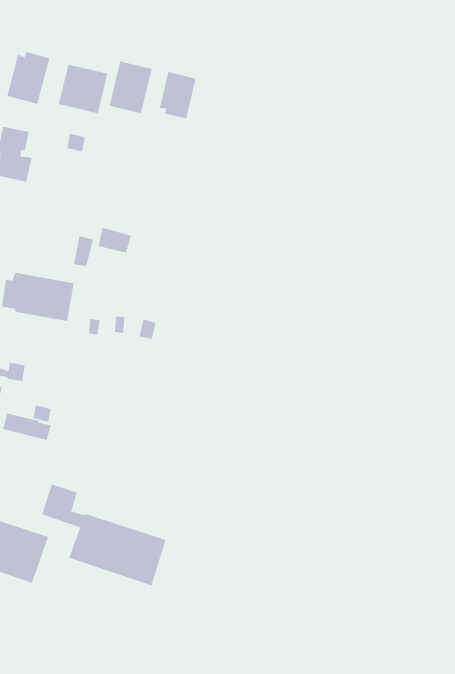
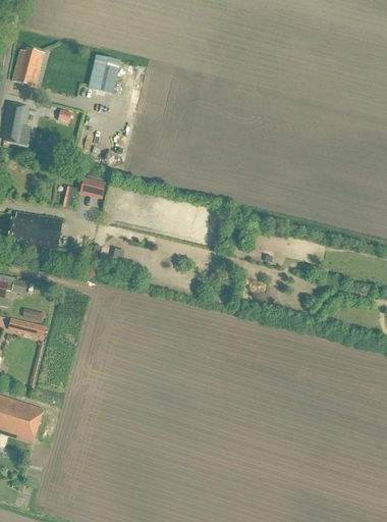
building: [58,64,108,114] -> none
building: [159,71,196,119] -> none
building: [42,483,166,586] -> none

